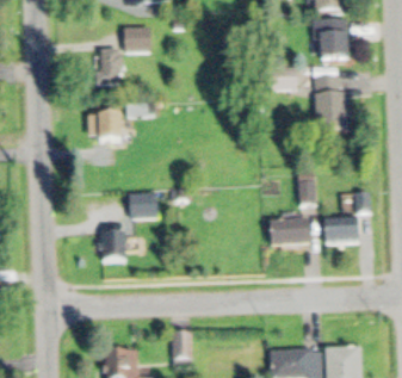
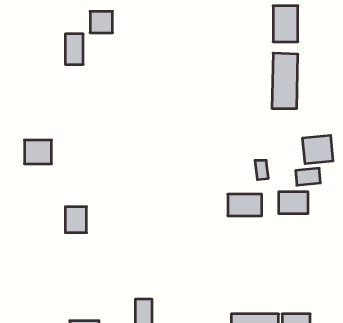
building: [88,116,117,141] -> [24,140,52,164]
building: none -> [303,135,333,164]
building: [130,194,156,216] -> none

